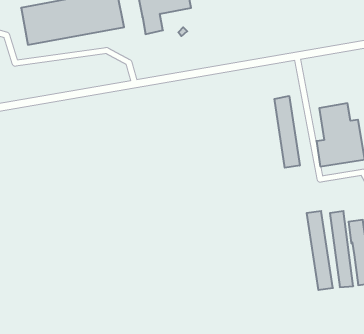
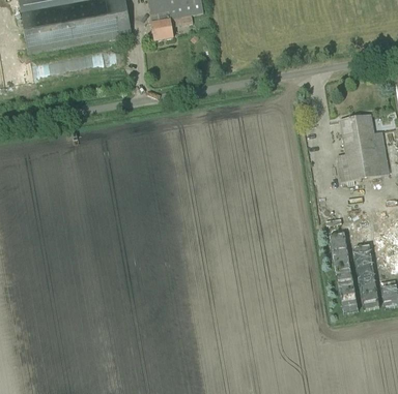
building: [274,96,300,168] -> none

